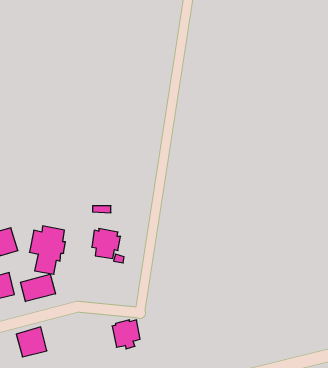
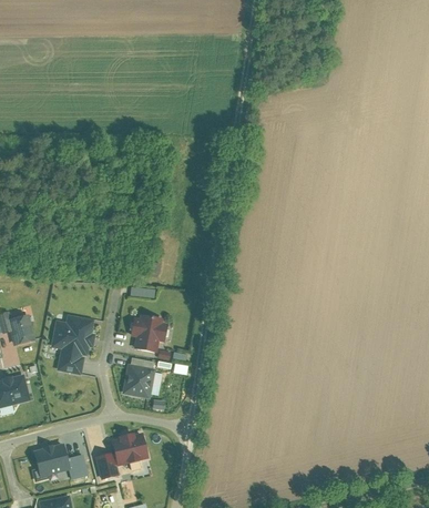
building: none -> [123,363,155,396]
building: [20,274,55,302] -> none
building: [112,320,140,349] -> [110,435,145,471]

